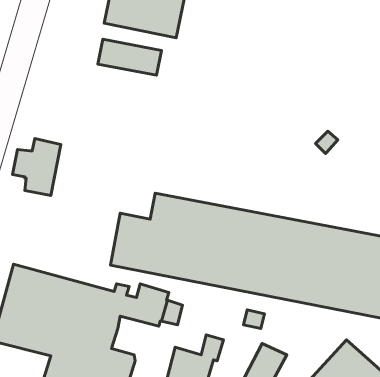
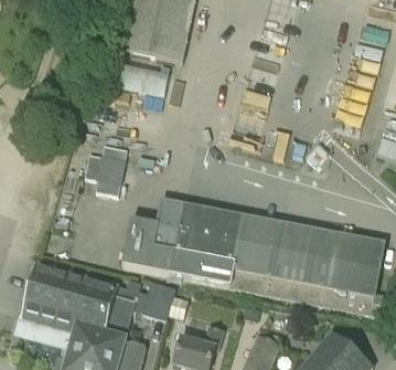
building: [12,138,61,196] -> [84,144,127,194]

